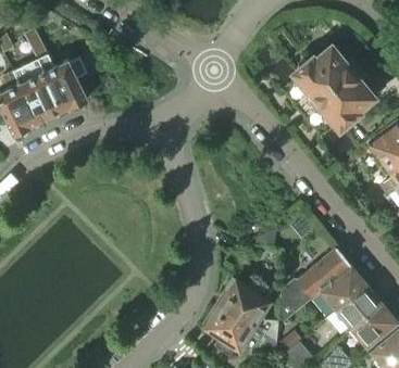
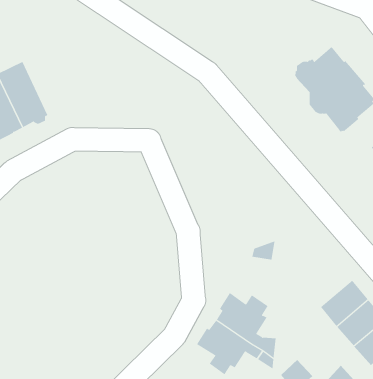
building: [25,29,87,111] -> none
building: [278,249,350,322] -> none

